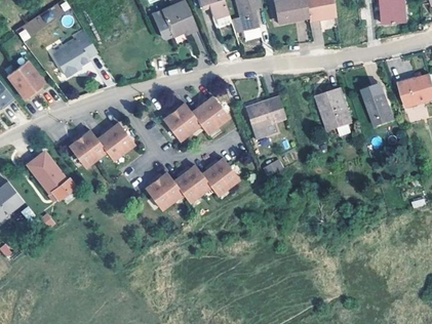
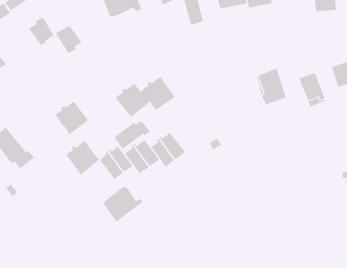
building: [51,43,81,75] -> [55,25,82,54]
building: [246,96,286,137] -> none
building: [69,129,107,168] -> [65,140,100,175]
building: none -> [114,120,151,150]
building: none -> [102,186,143,222]

